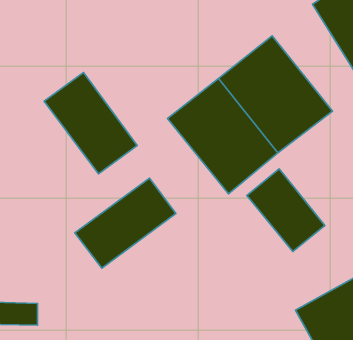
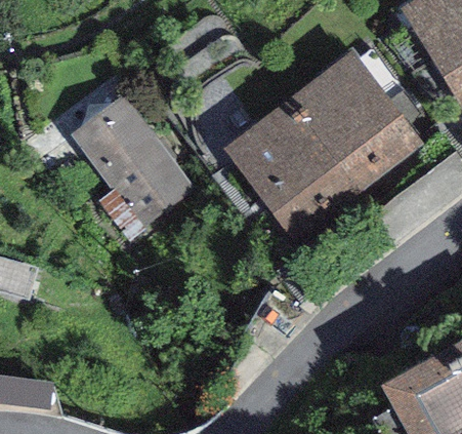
building: [247,169,325,252] -> none
building: [75,178,176,268] -> none

